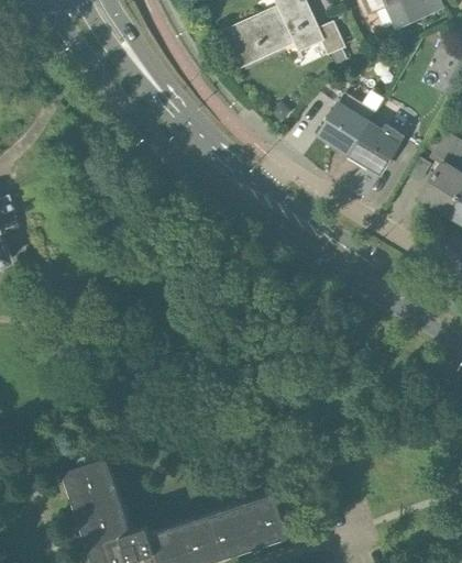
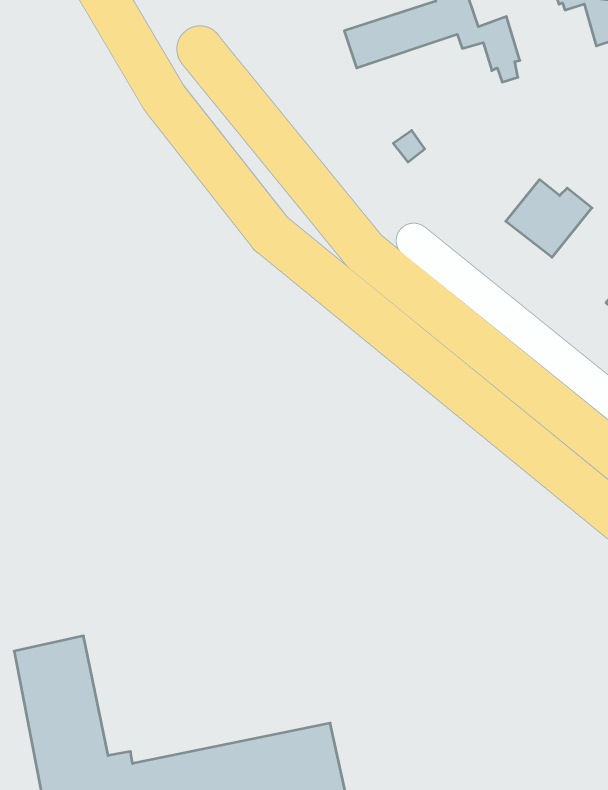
building: [319,93,367,153] -> none

